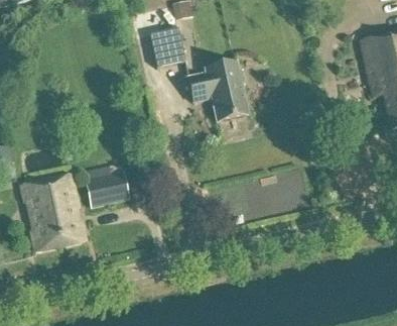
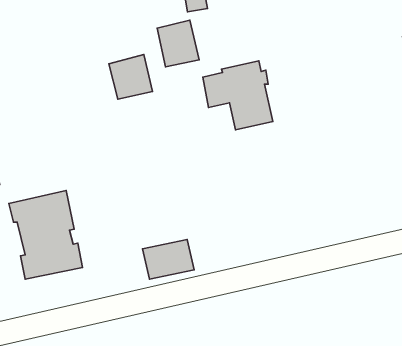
building: none -> [109,55,152,99]
building: [85,172,129,206] -> [143,239,194,279]

